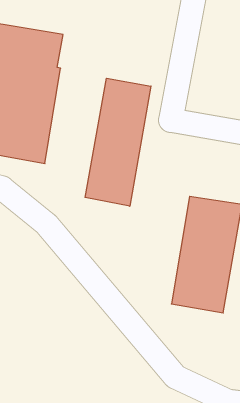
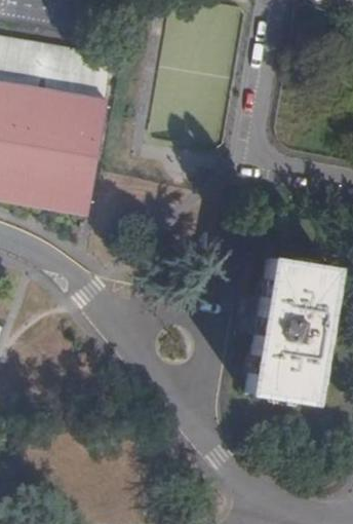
building: [85,78,151,206] -> none

